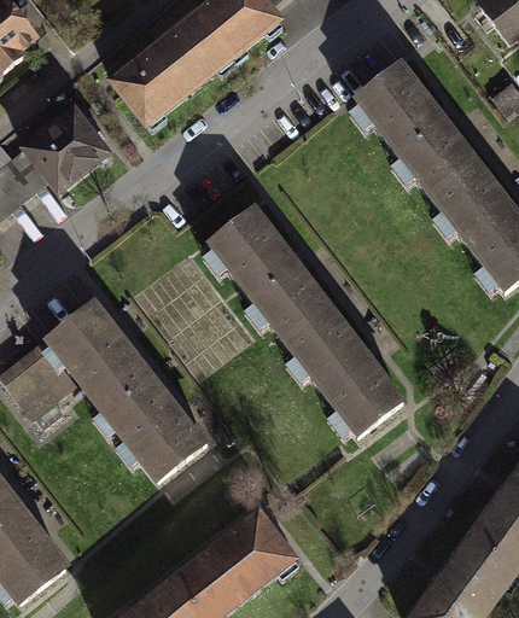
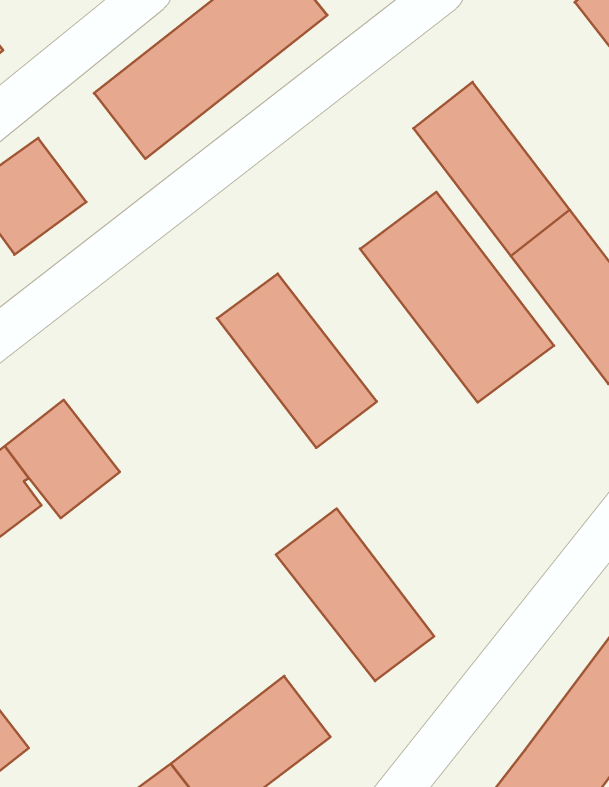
building: none -> [360,192,554,402]
building: [284,304,403,435] -> [276,509,434,681]
building: [91,357,204,479] -> none

